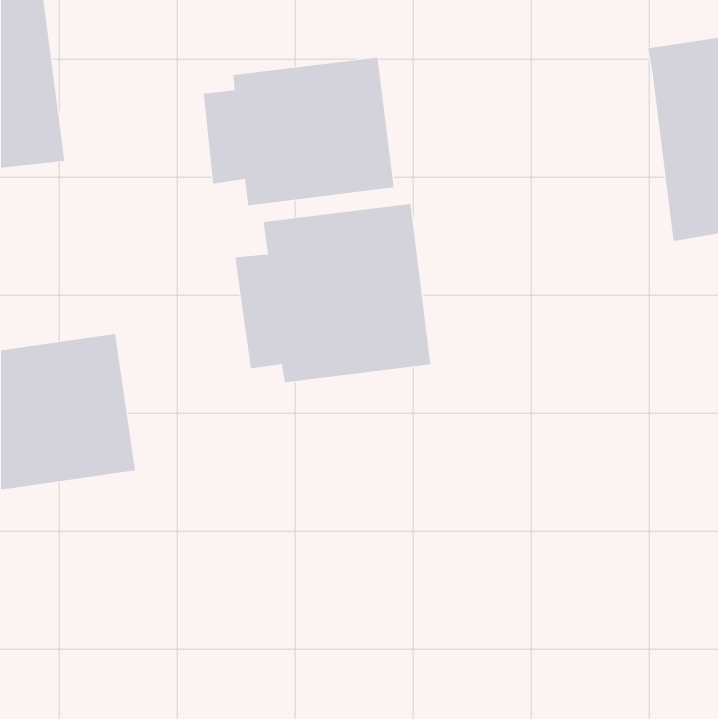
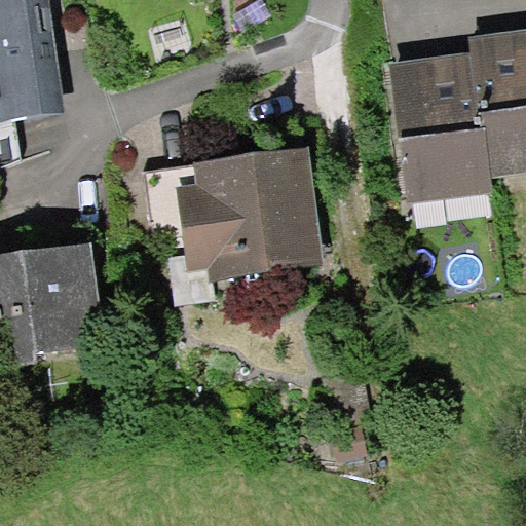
building: [203,57,394,206] -> none
building: none -> [391,51,493,201]

